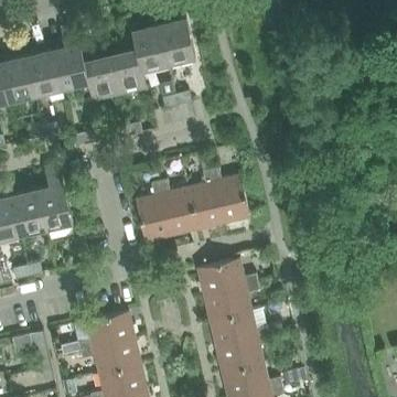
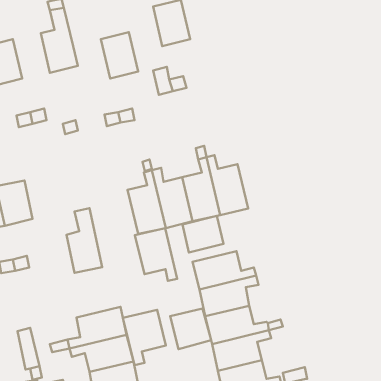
building: [131,25,168,68] -> none
building: [25,51,61,94] -> none
building: [83,56,118,99] -> none
building: [36,165,71,227] -> [66,208,102,273]
building: none -> [182,216,223,252]
building: none -> [135,228,177,281]
building: none -> [170,309,211,349]
building: none -> [123,310,166,365]

